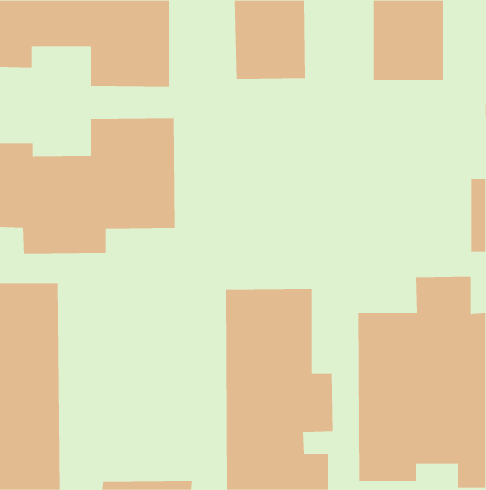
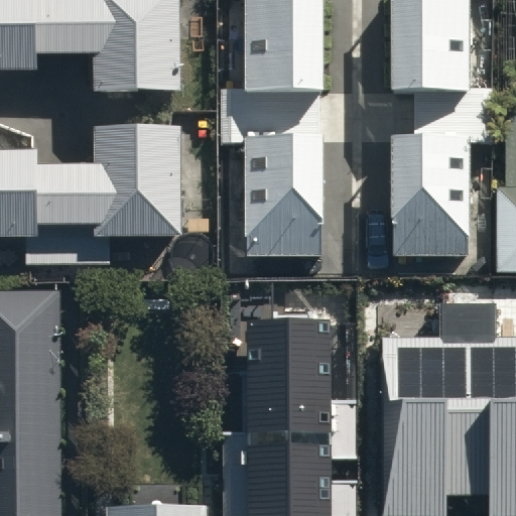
building: none -> [245,136,316,250]
building: none -> [391,139,471,252]

